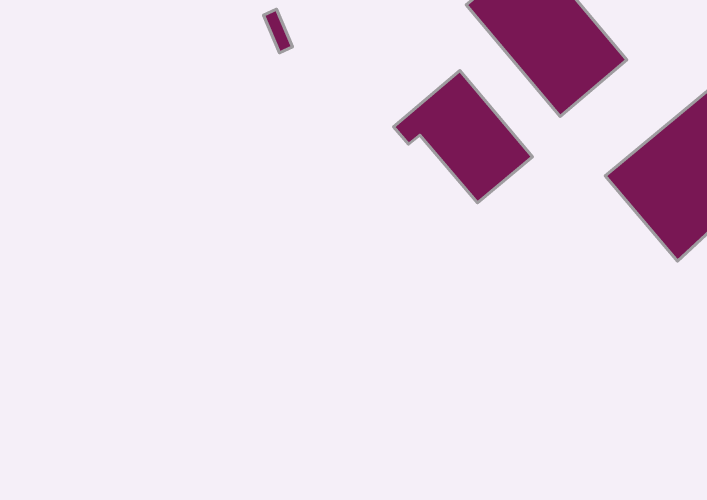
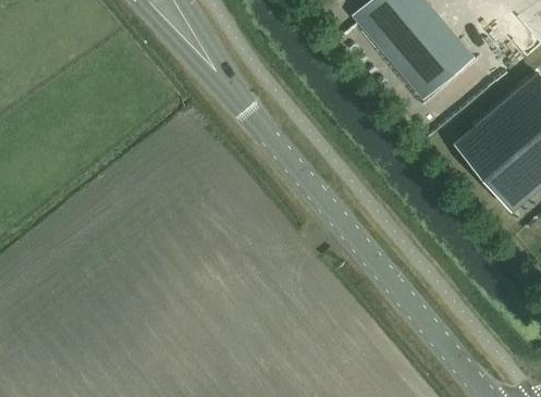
building: [393,71,532,203] -> none

